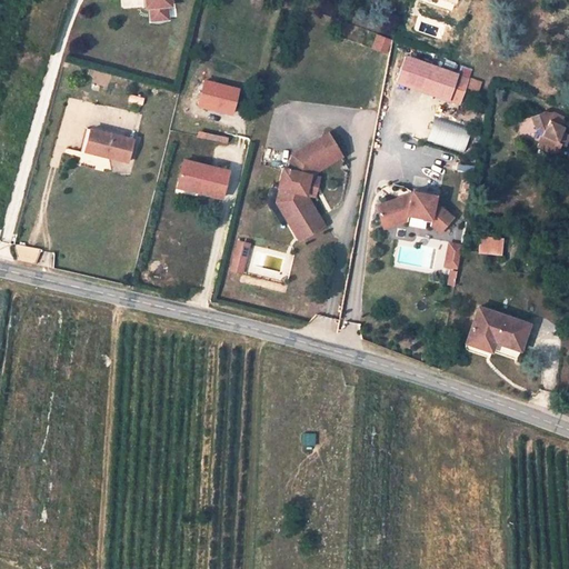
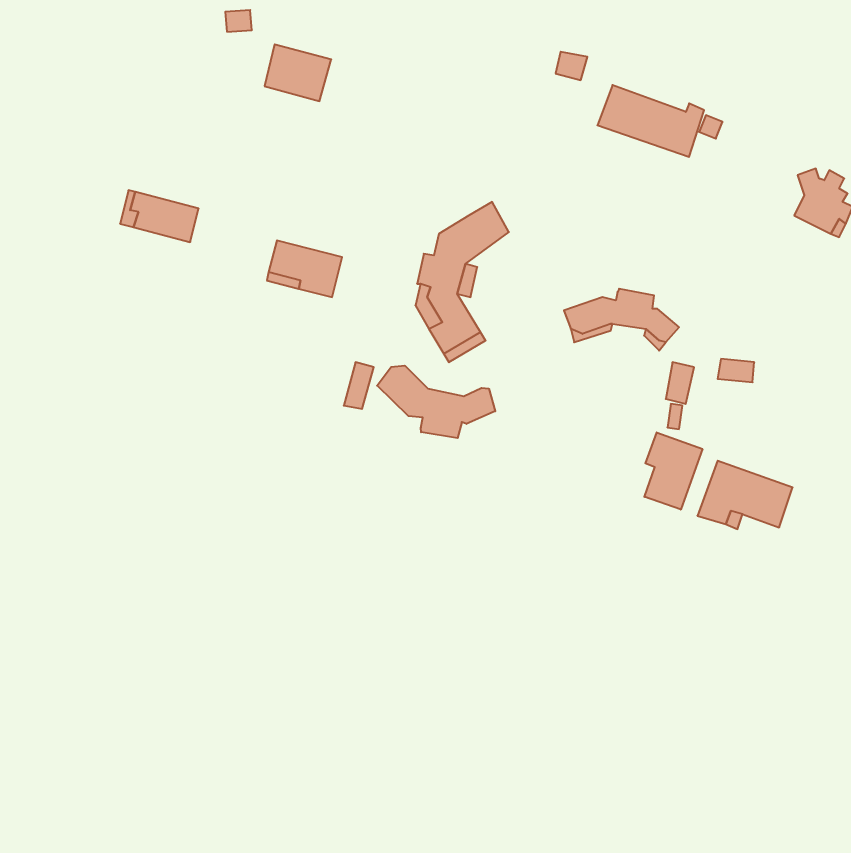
building: [192,77,237,114] -> [265,44,331,101]
building: [426,116,470,152] -> none
building: none -> [377,366,495,438]
building: none -> [644,432,702,510]

